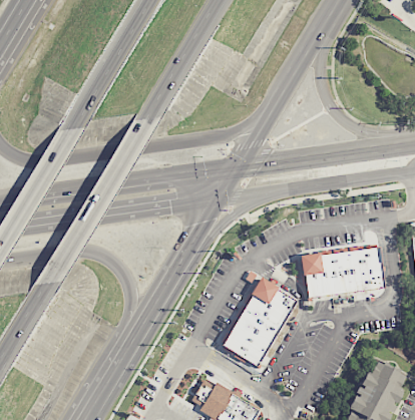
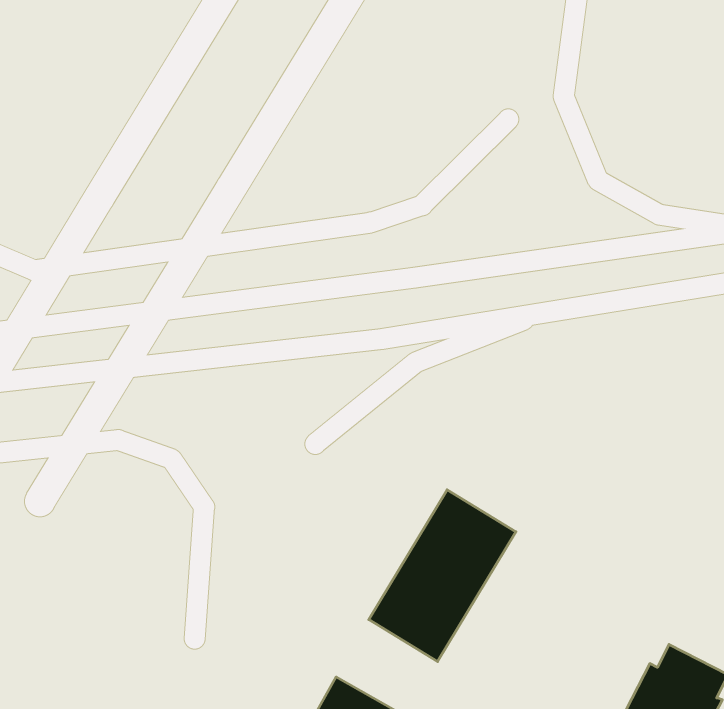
building: [302,248,383,297] -> none

